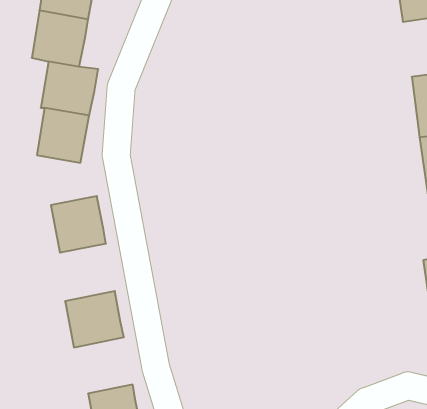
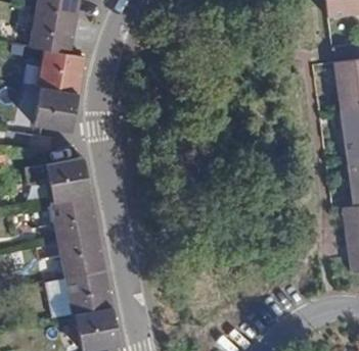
building: none -> [49,195,96,241]
building: none -> [63,269,110,315]

